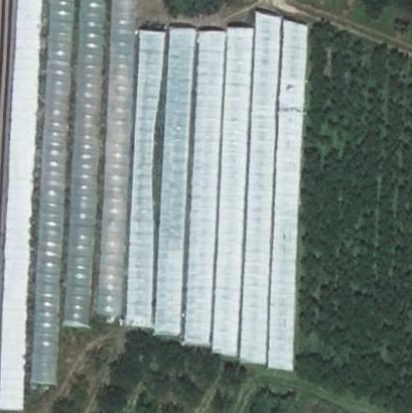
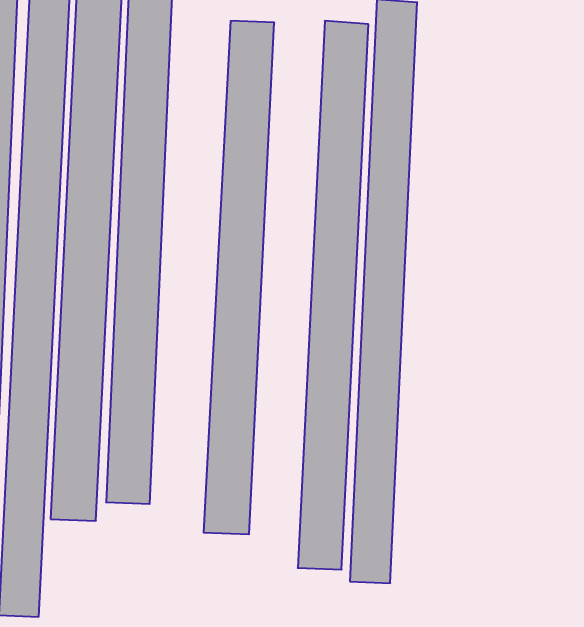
building: [267,22,309,371] -> none
building: [124,32,164,326] -> none
building: [184,32,222,345] -> none

